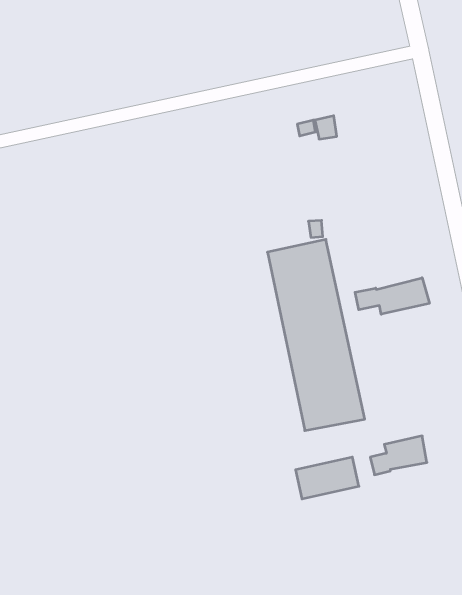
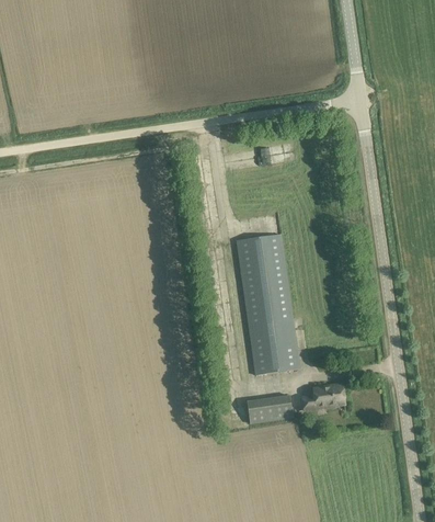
building: [355,278,429,314] -> none

